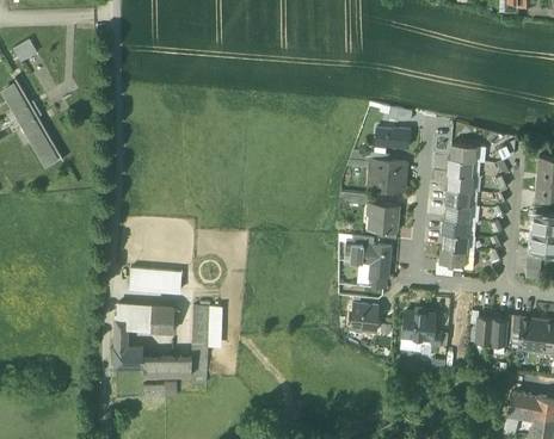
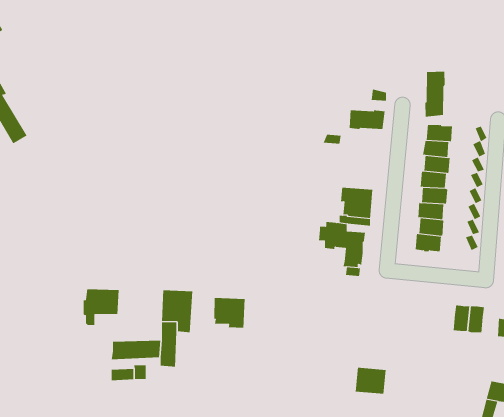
building: none -> [425,71,445,118]
building: [369,162,407,193] -> none
building: [130,268,183,291] -> none
building: [150,305,176,330] -> none
building: [351,308,378,334] -> none
building: none -> [214,297,245,329]
building: [404,315,435,341] -> [355,367,387,394]
building: [116,339,144,365] -> none

